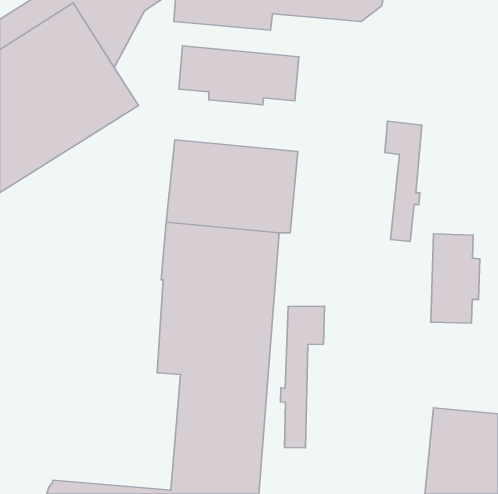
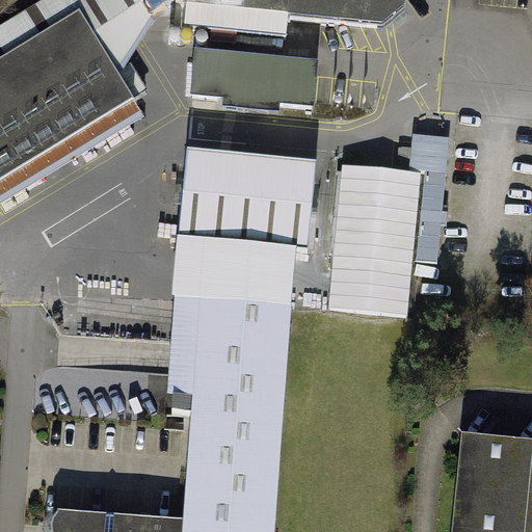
building: none -> [328,160,420,310]
building: [431,234,480,323] -> none
building: [280,306,325,448] -> none

